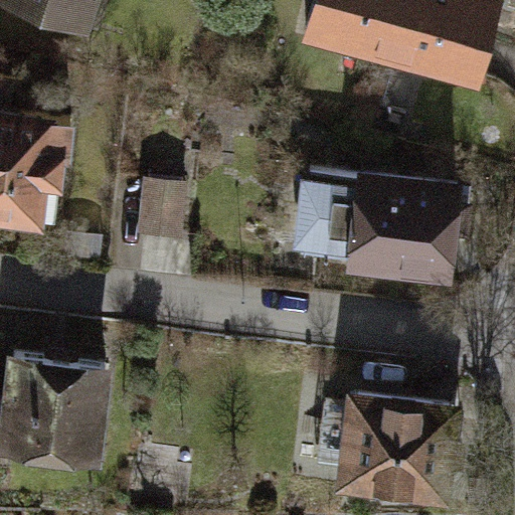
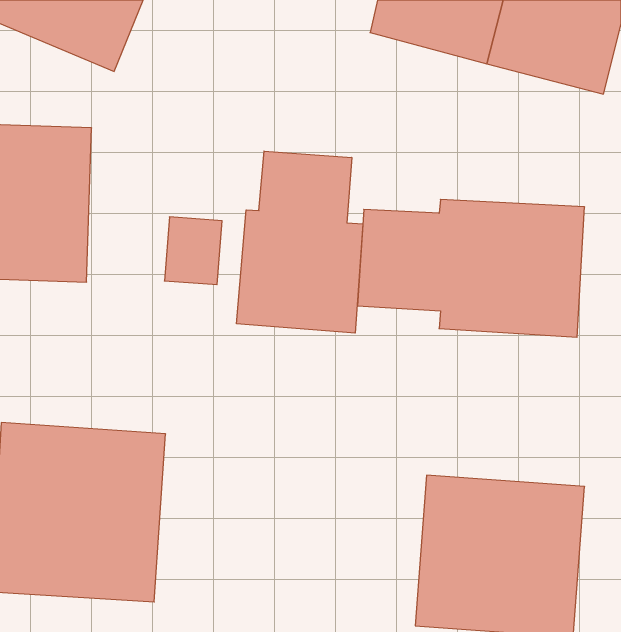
building: none -> [237,151,363,333]

